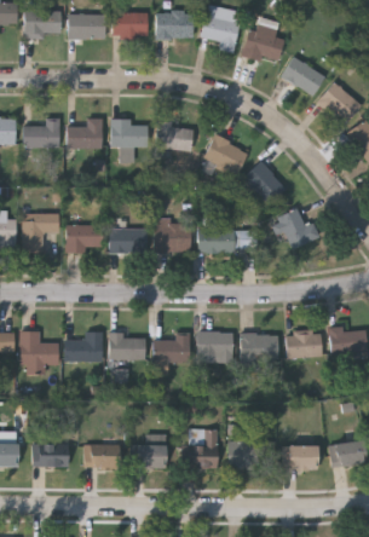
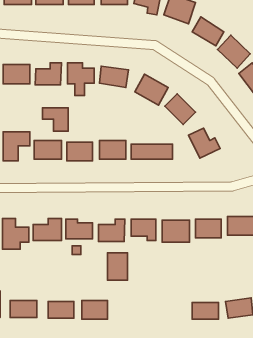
building: none -> [42,108,68,131]
building: [189,429,217,467] -> [107,253,128,280]
building: [227,441,273,469] -> none

